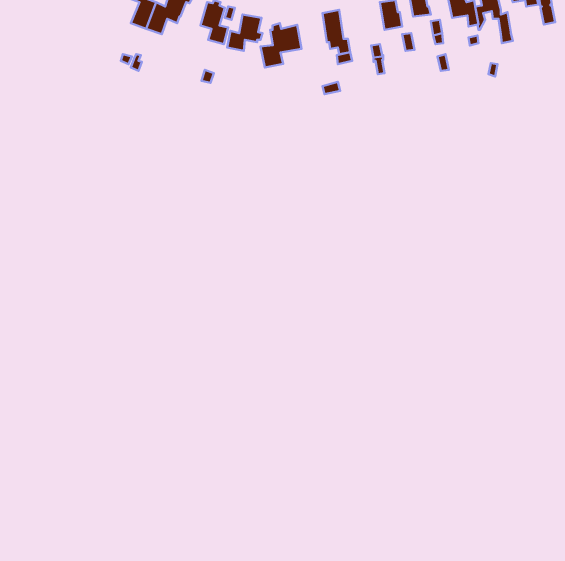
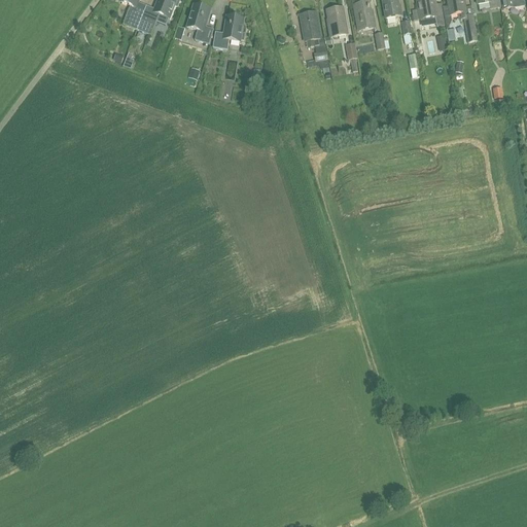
building: none -> [326,4,346,34]
building: [261,23,302,67] -> none

